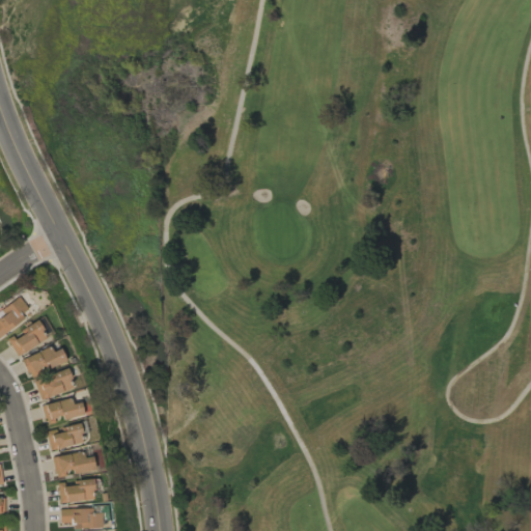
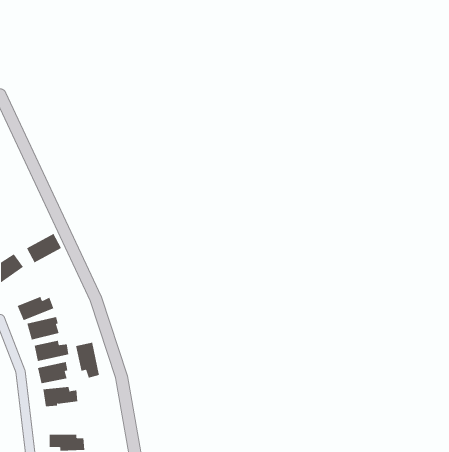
building: [9,322,51,357] -> [26,233,62,263]
building: none -> [75,342,99,378]
building: [60,480,96,502] -> none

